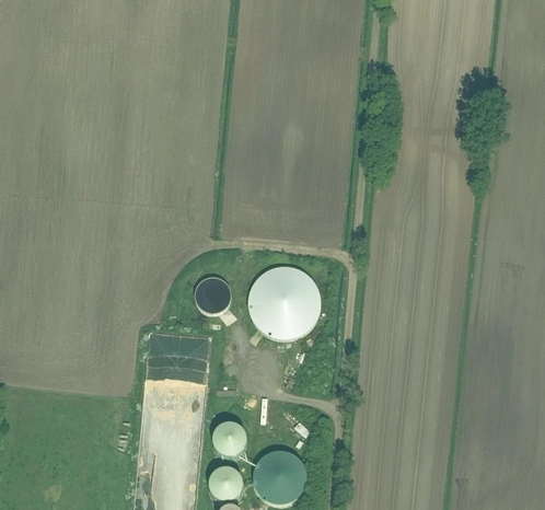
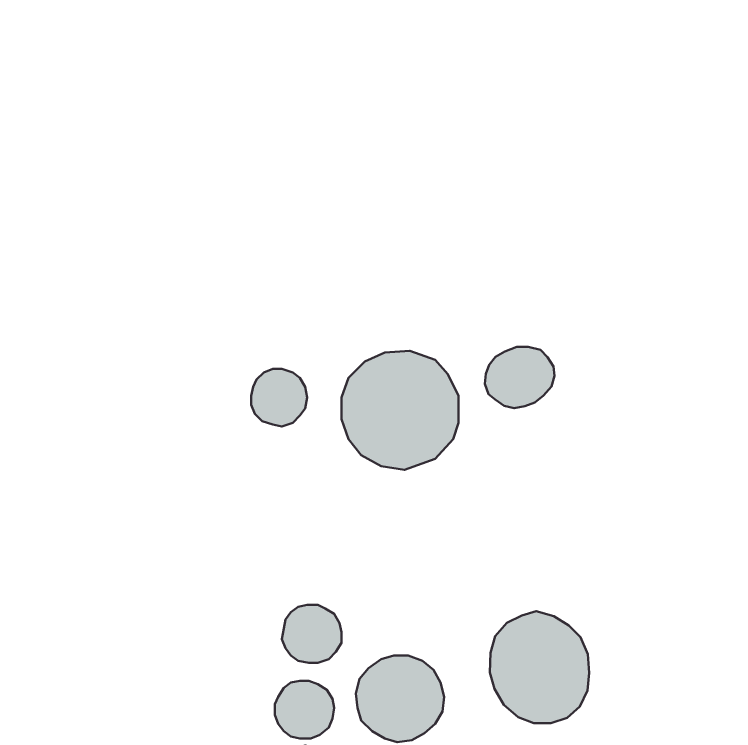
building: none -> [485,347,555,408]
building: none -> [490,611,589,723]

